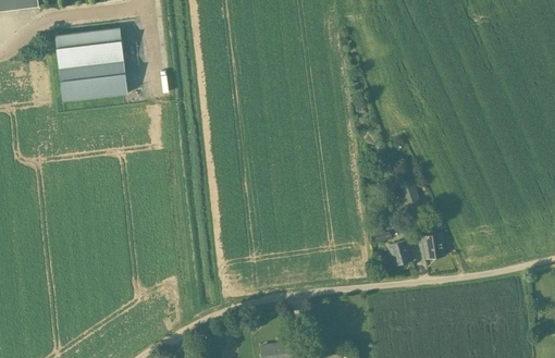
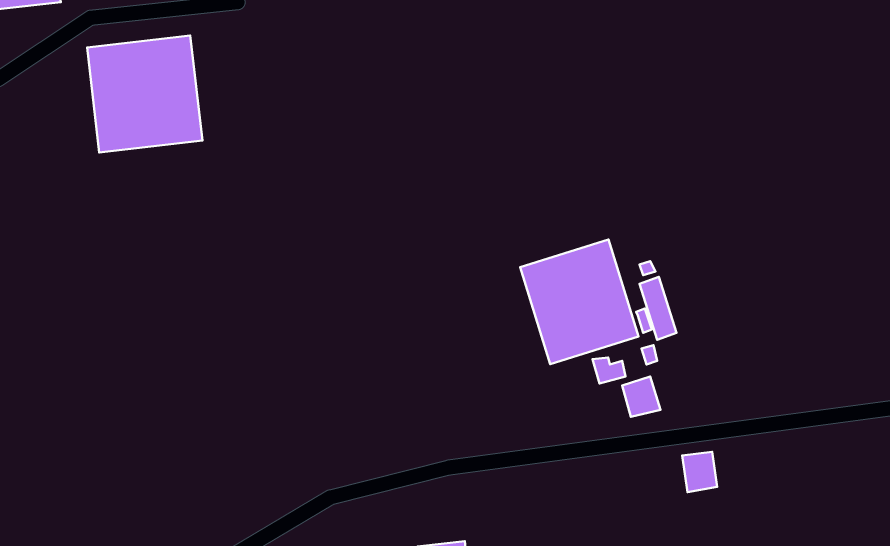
building: none -> [520,240,638,364]
building: [422,233,444,258] -> [682,452,717,492]

